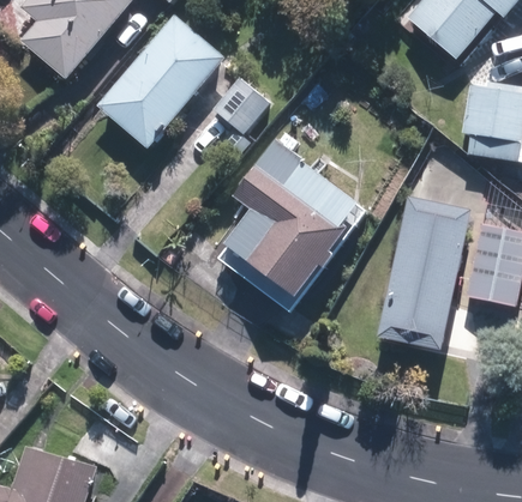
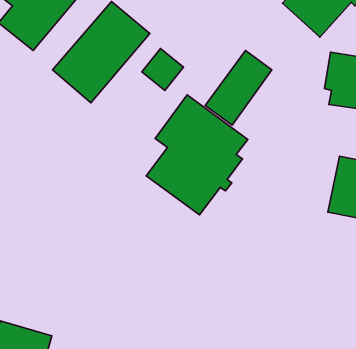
building: none -> [205,51,272,125]
building: [377,196,469,350] -> none

